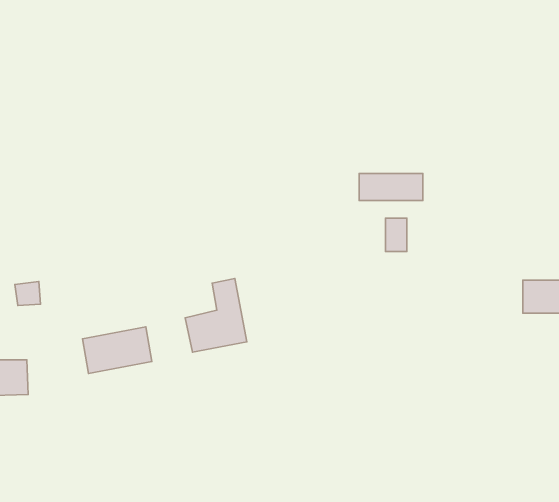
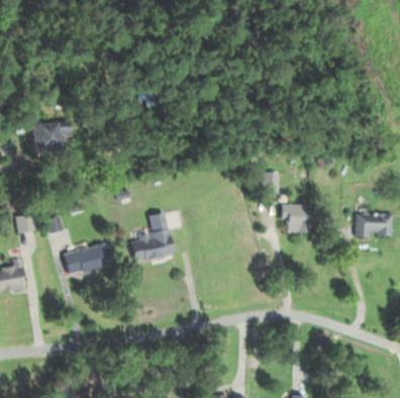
building: none -> [29,123,61,154]
building: [359,173,423,200] -> none
building: none -> [282,204,310,231]

